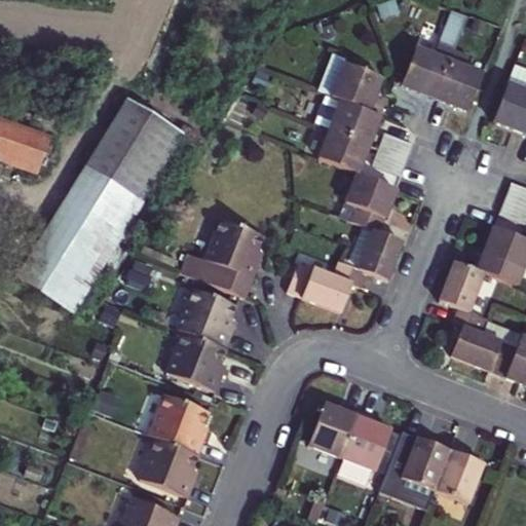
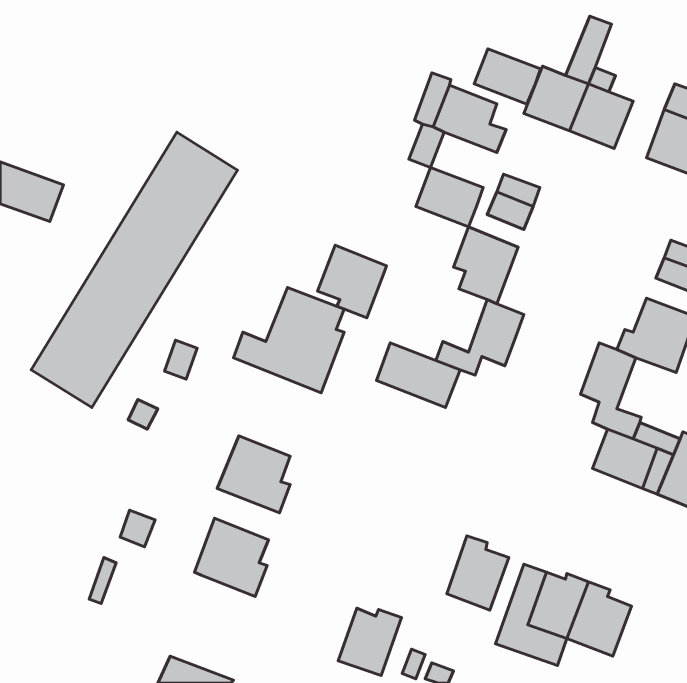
building: [330,101,380,143] -> [474,49,540,104]
building: none -> [317,245,387,318]
building: [176,288,232,347] -> none
building: [309,401,358,452] -> [338,608,402,676]
building: [140,438,196,496] -> none

